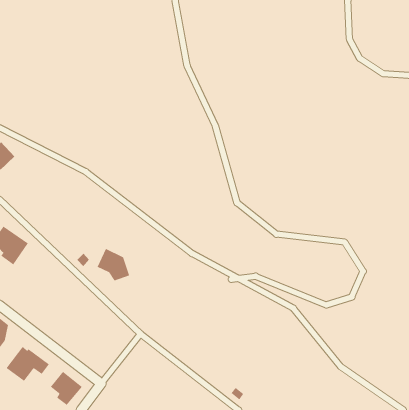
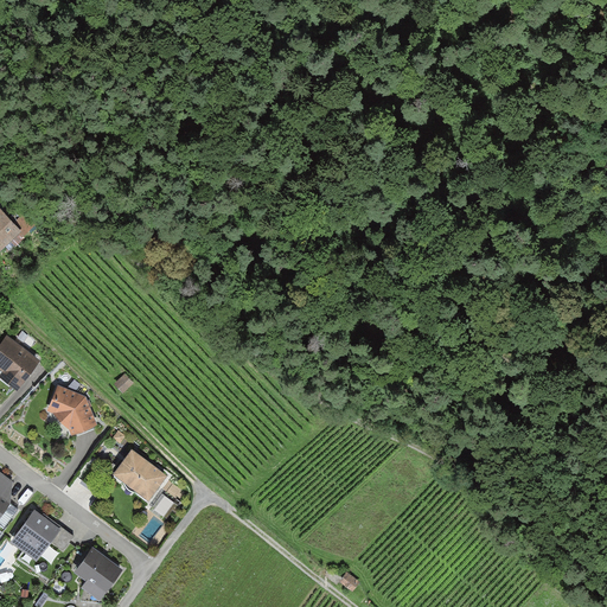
building: [97,248,130,282] -> [45,384,95,434]
building: none -> [115,449,166,500]

